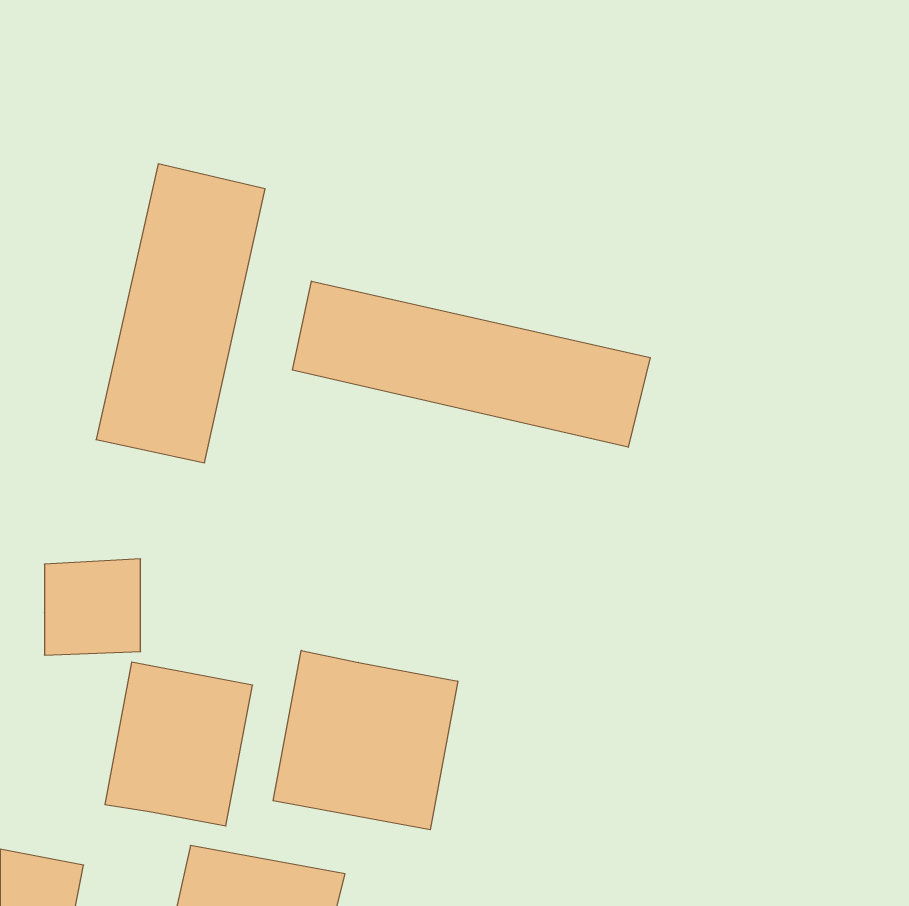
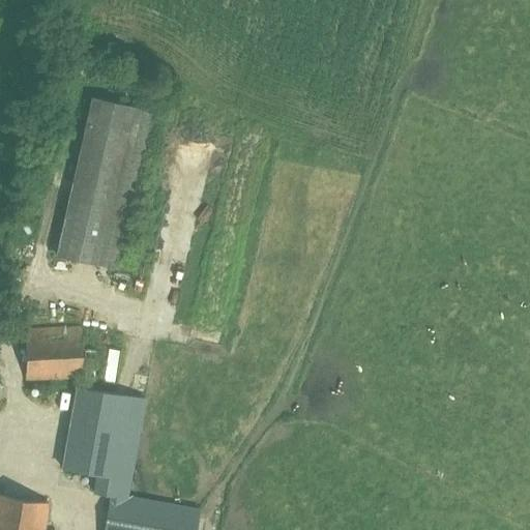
building: [292,281,650,447] -> none
building: [273,650,458,830] -> none

